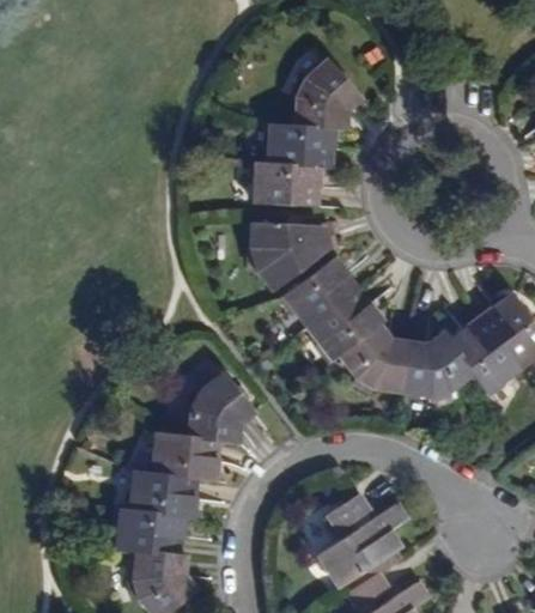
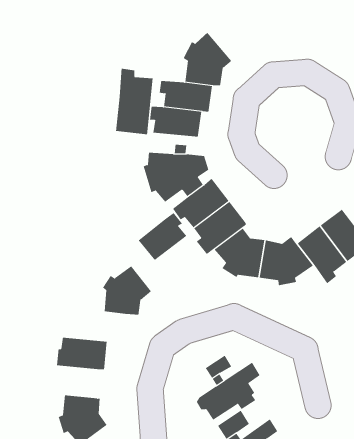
building: none -> [116,68,153,135]
building: none -> [138,212,187,261]
building: [147,435,218,479] -> none
building: [114,509,184,554] -> none

